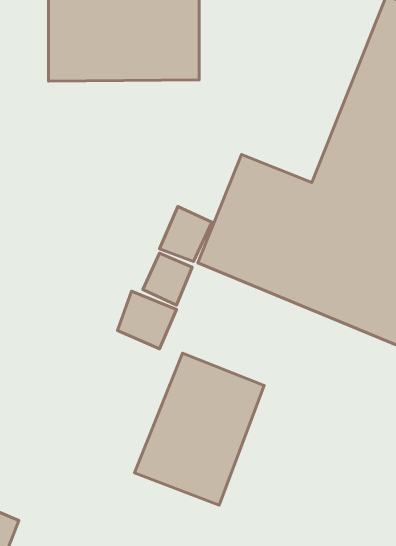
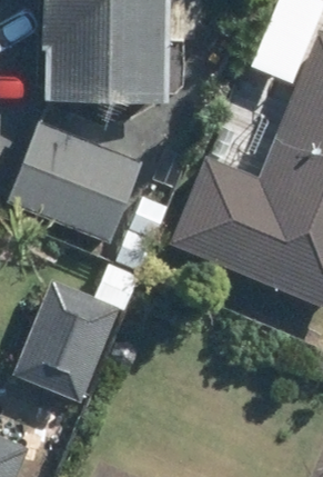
building: none -> [11,123,144,244]
building: [135,353,264,505] -> [20,284,122,404]

